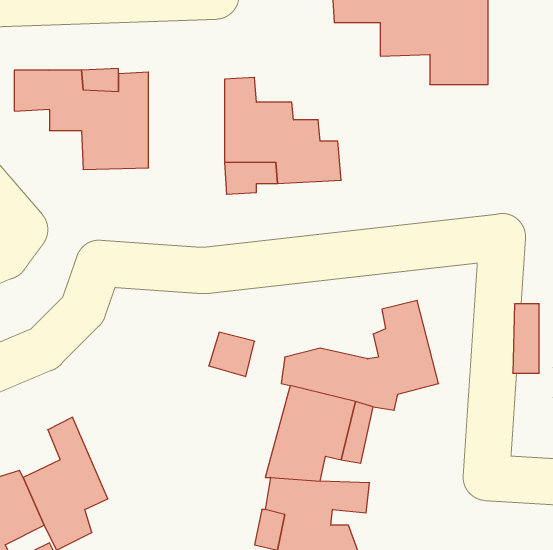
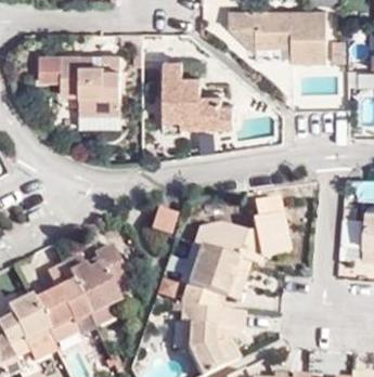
building: none -> [67,247,132,317]

